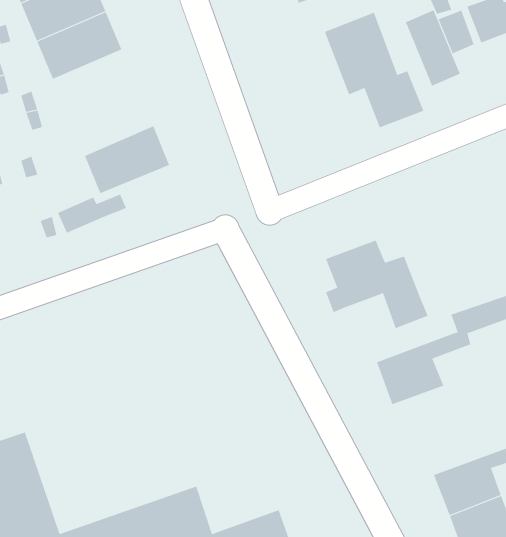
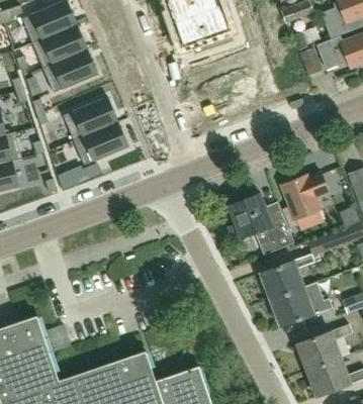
building: [405,9,460,87] -> none
building: [324,12,424,128] -> none
building: none -> [64,97,118,140]
building: none -> [281,173,329,229]
building: none -> [270,283,332,327]

